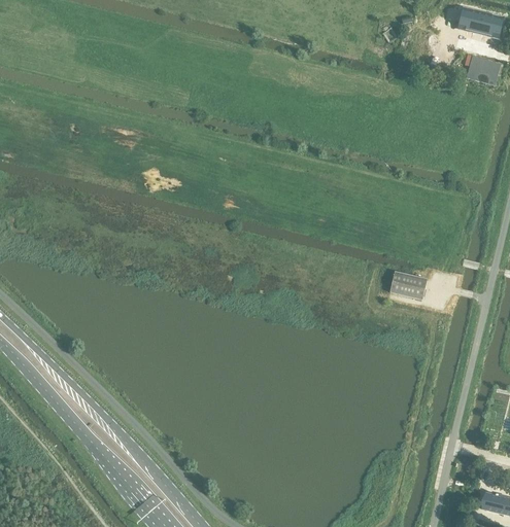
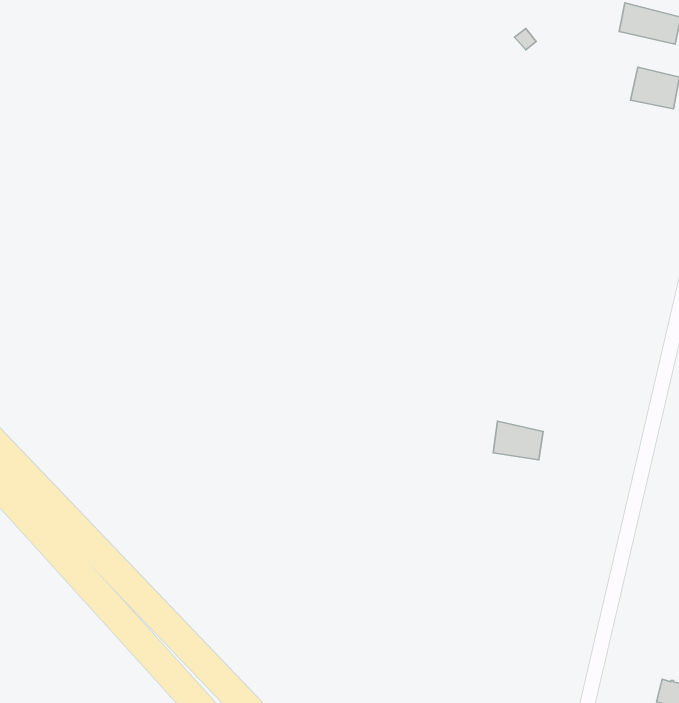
building: [390,272,427,300] -> [493,421,543,460]

